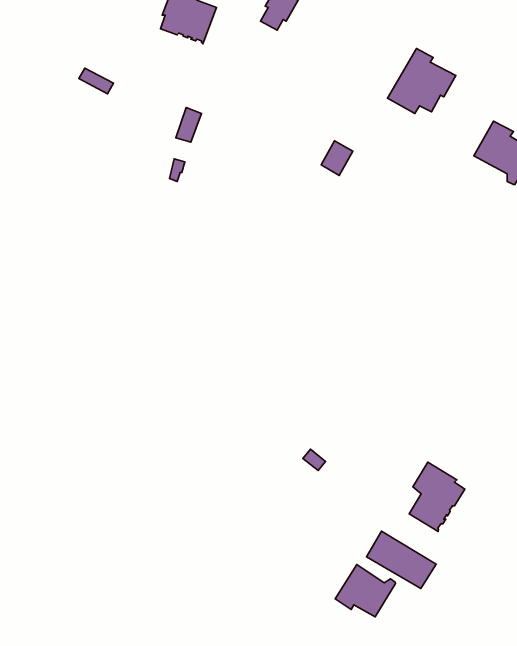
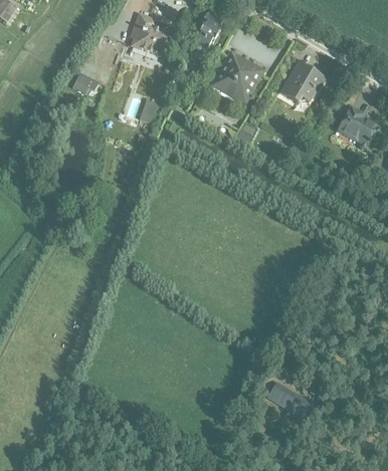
building: none -> [209,49,264,104]
building: [409,462,465,532] -> none
building: [335,565,396,617] -> none

